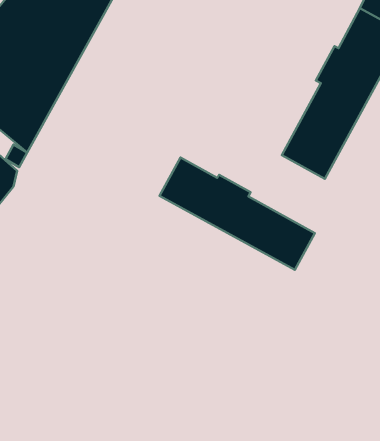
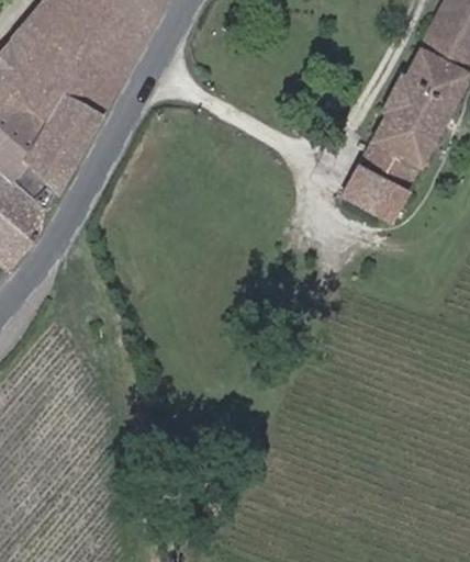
building: [159,158,315,270] -> none

